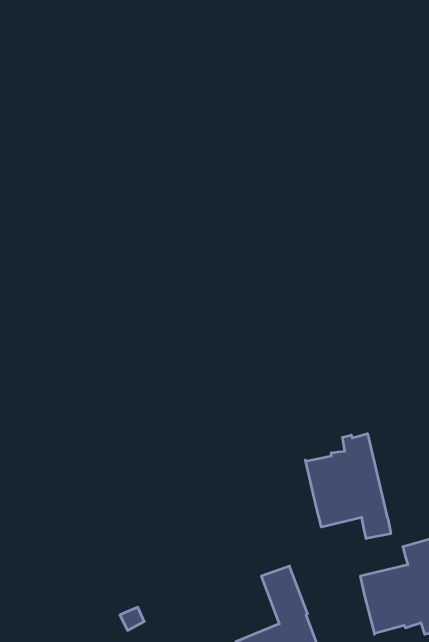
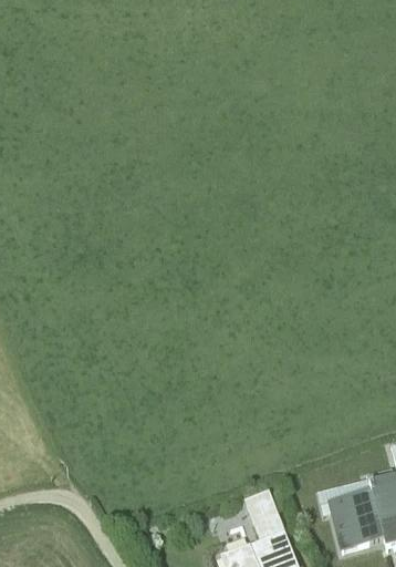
building: [305,434,391,539] -> none

